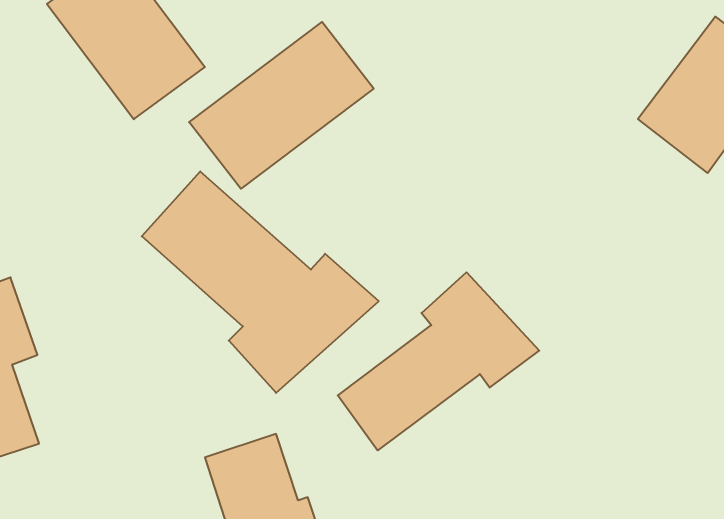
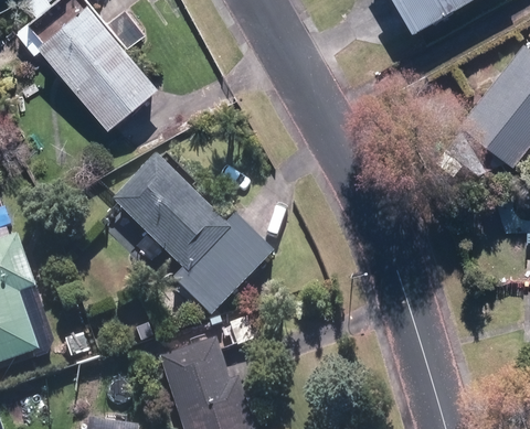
building: [189,22,374,189] -> none
building: [338,272,539,450] -> none

